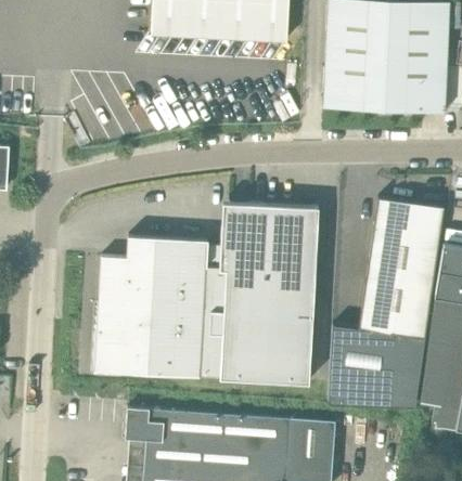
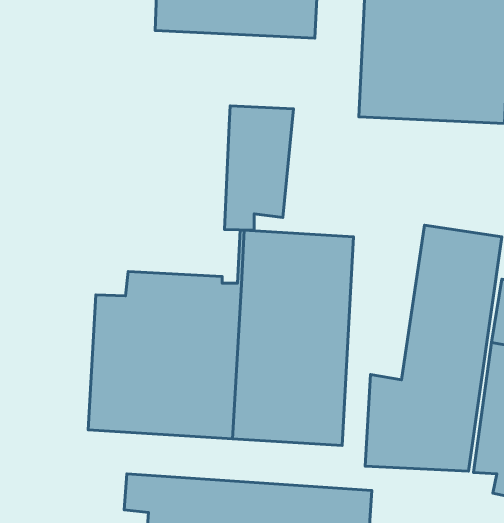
building: none -> [225,106,294,230]

